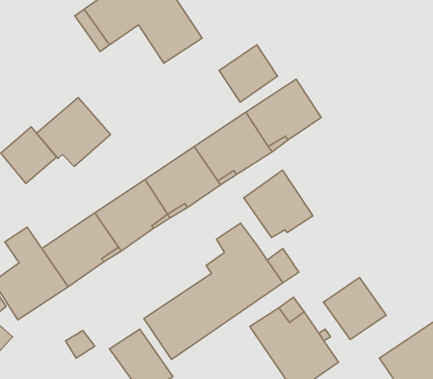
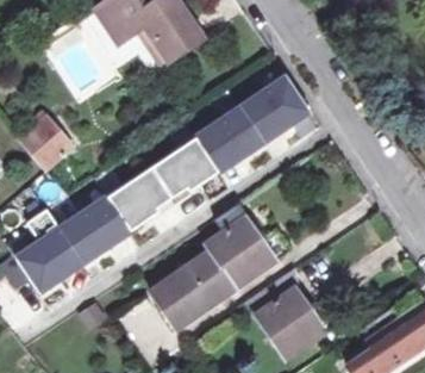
building: [219,45,278,102] -> none
building: [37,98,110,167] -> none
building: [244,170,313,238] -> none
building: [323,278,386,340] -> none

